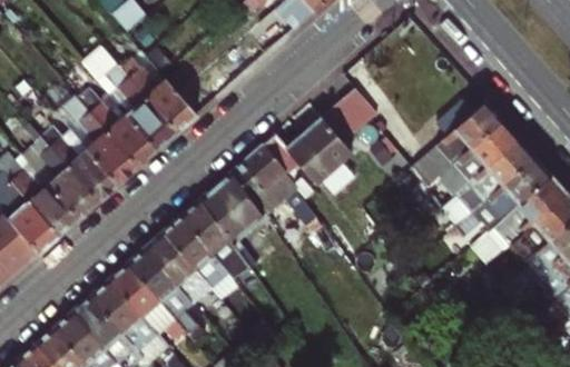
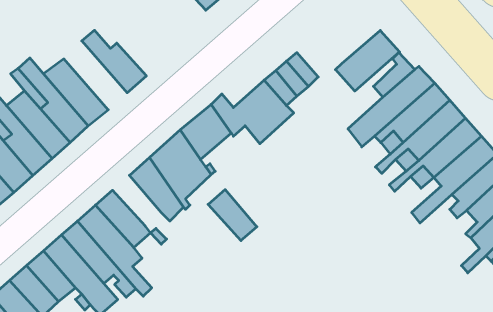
building: [83,46,178,149] -> none
building: none -> [335,30,400,91]
building: [163,218,214,271] -> [208,190,257,241]

